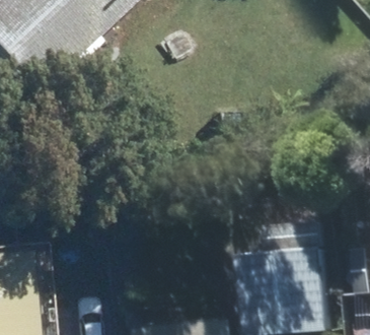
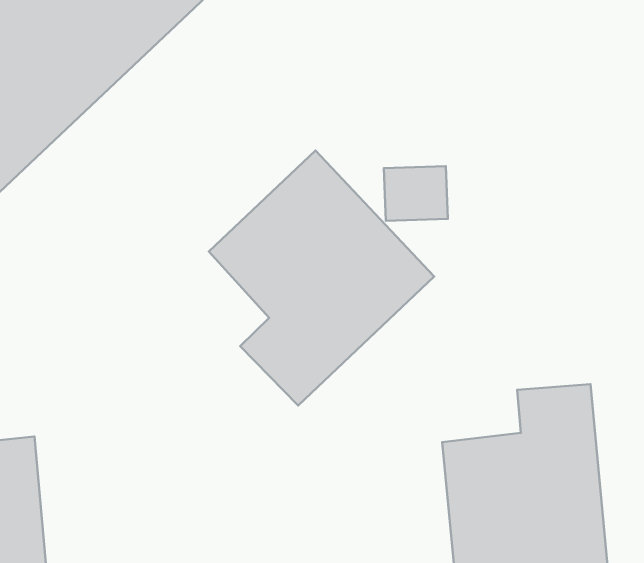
building: none -> [209,151,434,406]

